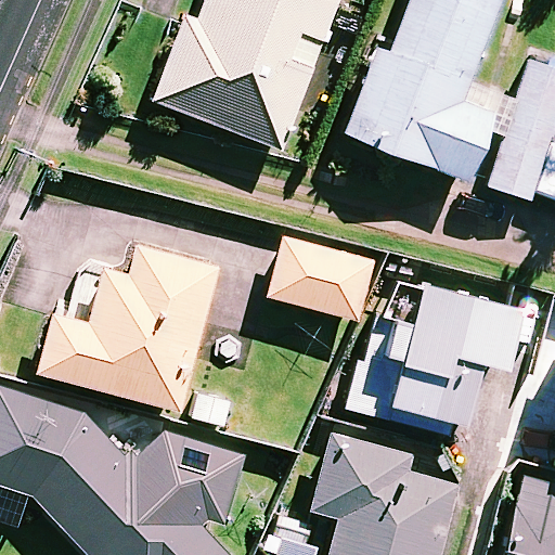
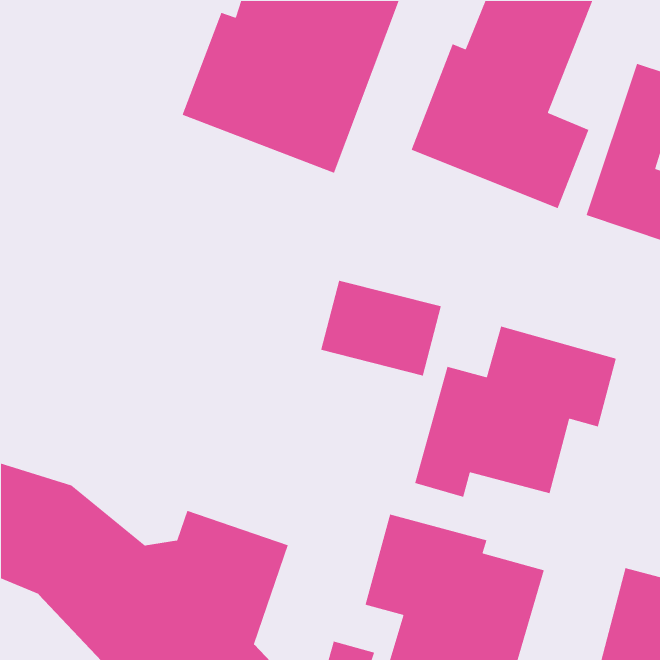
building: [40,248,218,410] -> none

